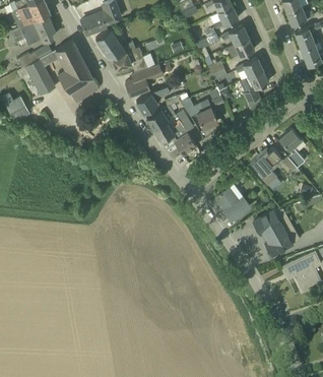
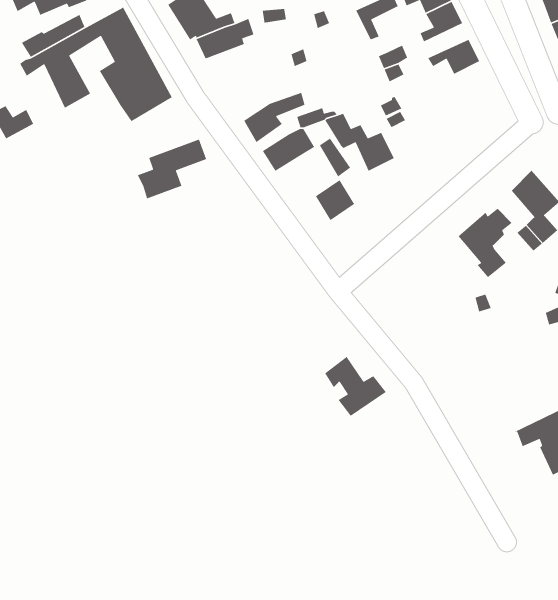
building: [125,64,163,97] -> [137,139,207,199]
building: [240,70,268,103] -> none
building: [153,120,188,141] -> none
building: [216,188,250,221] -> [324,356,387,417]
building: [253,209,293,255] -> none

